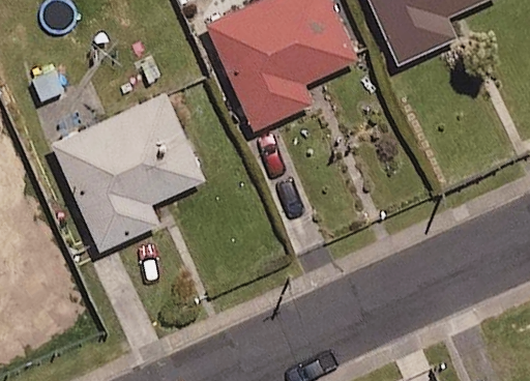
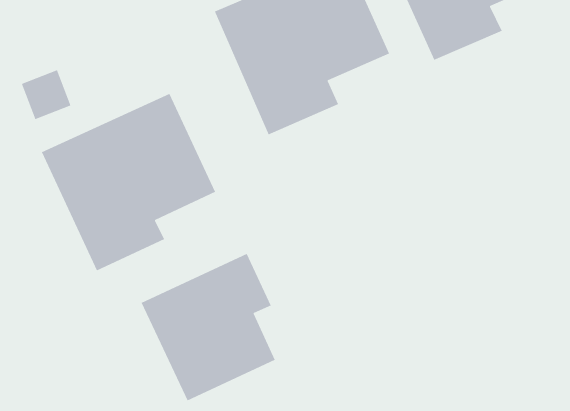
building: none -> [140,253,276,401]

